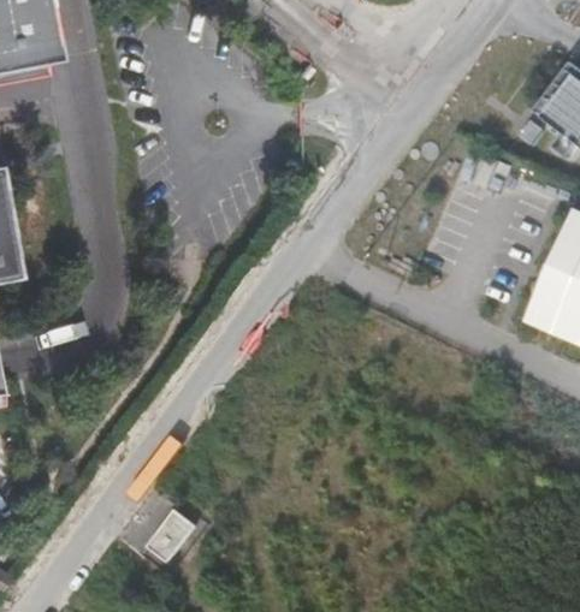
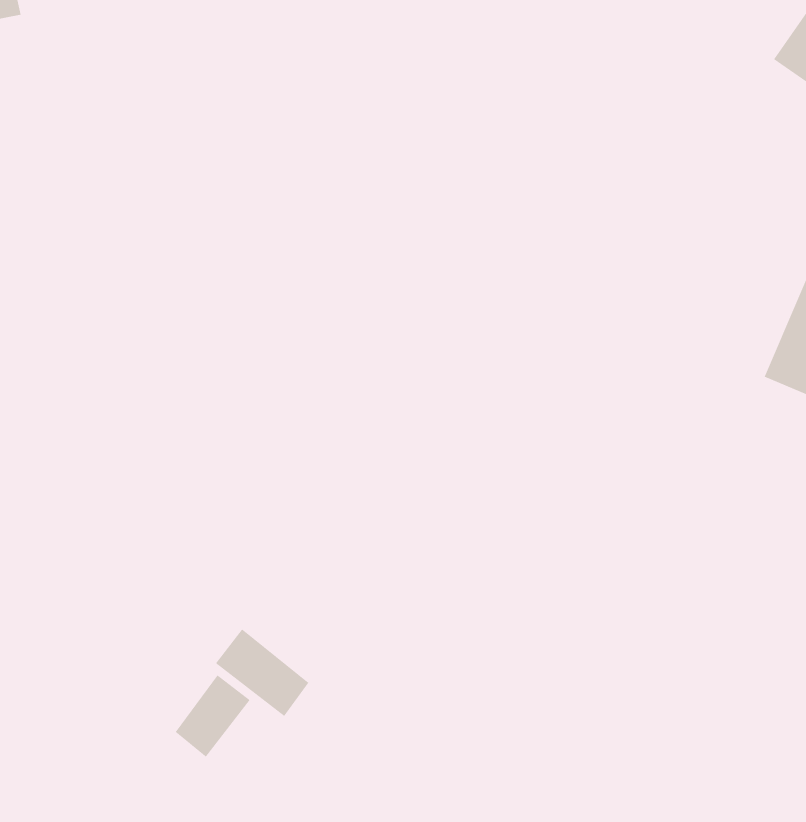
building: none -> [215,629,309,717]

